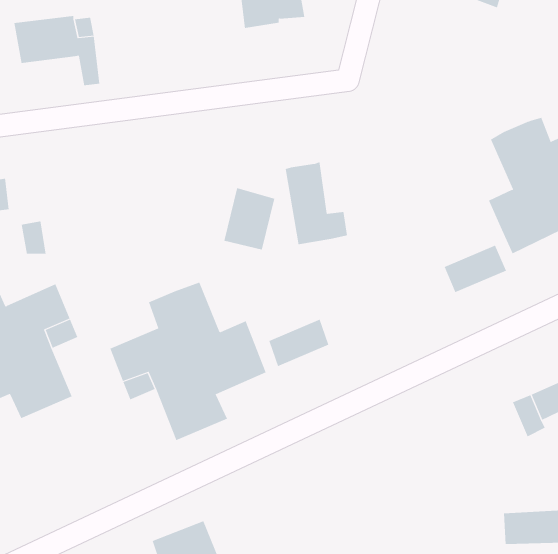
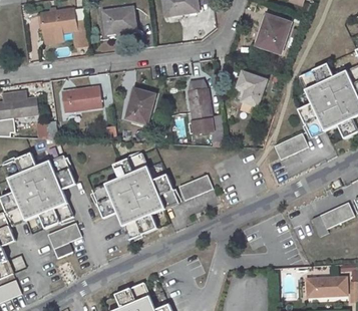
building: none -> [102,7,135,33]
building: none -> [259,15,291,53]
building: none -> [236,72,266,106]
building: none -> [61,86,101,111]
building: [224,187,275,250] -> [126,88,154,122]
building: none -> [47,223,81,258]

